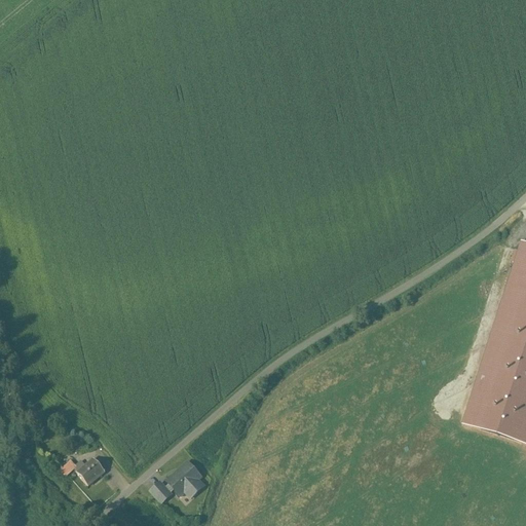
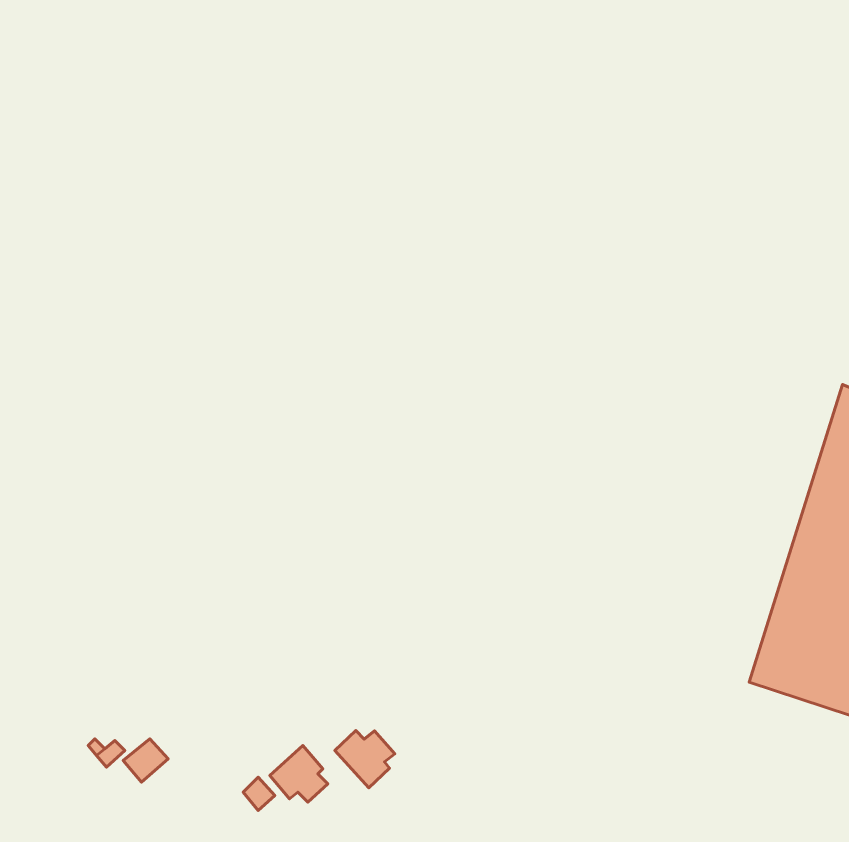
building: none -> [335,731,395,788]

